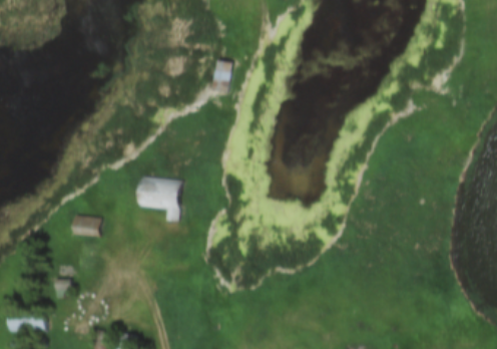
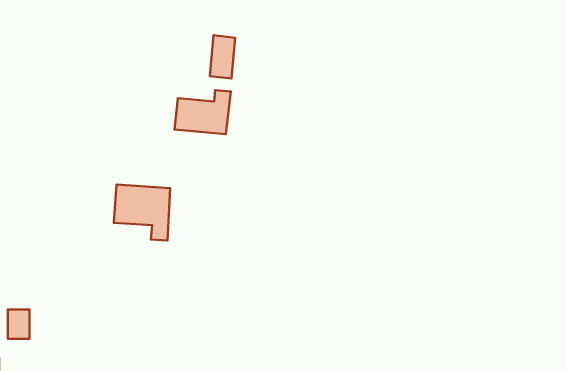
building: none -> [175,90,231,134]
building: [70,215,100,237] -> none

